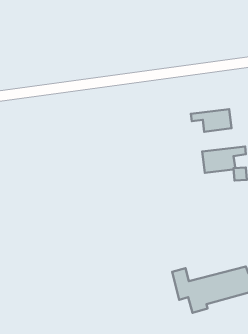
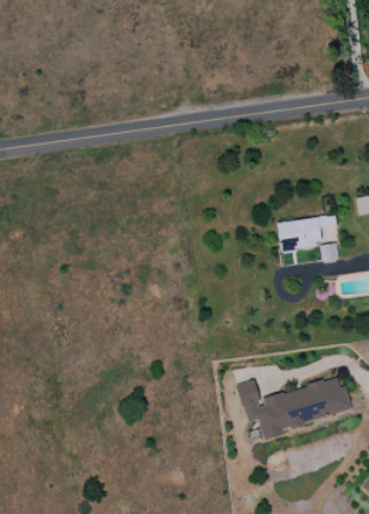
building: [191,109,232,132] -> none

